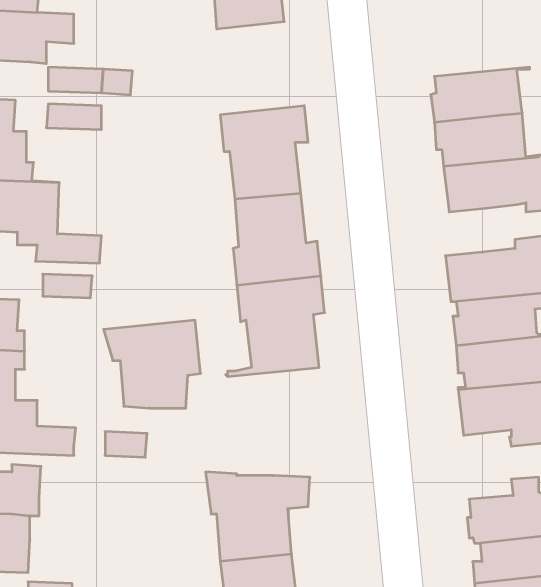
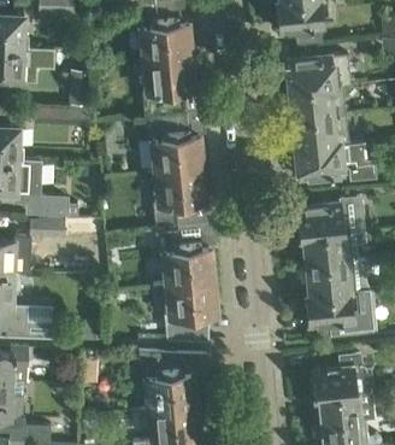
building: none -> [145,54,202,116]
building: none -> [285,54,350,90]
building: [104,320,201,408] -> [152,282,216,340]

